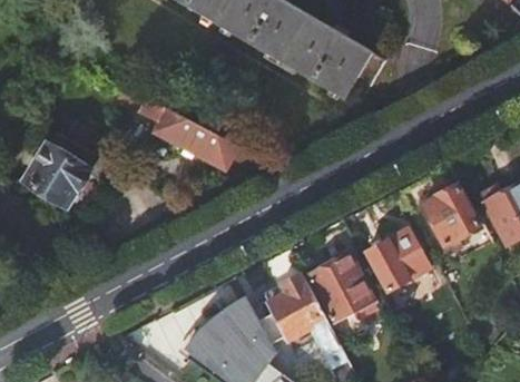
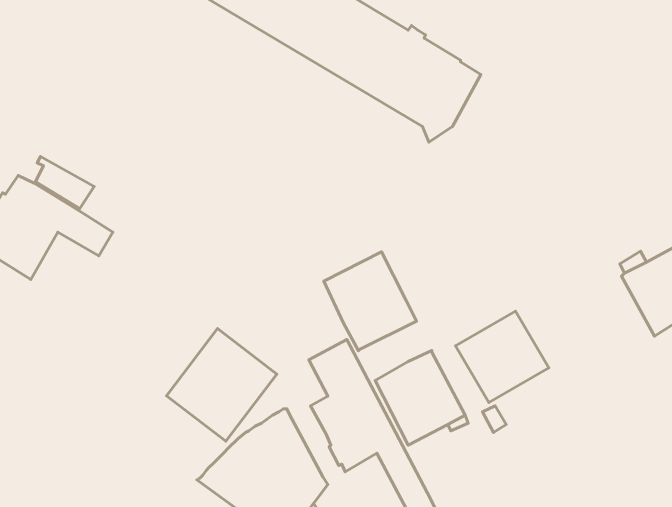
building: [117,87,269,174] -> none
building: [422,186,478,251] -> none
building: none -> [324,252,416,351]
building: none -> [167,329,277,441]

